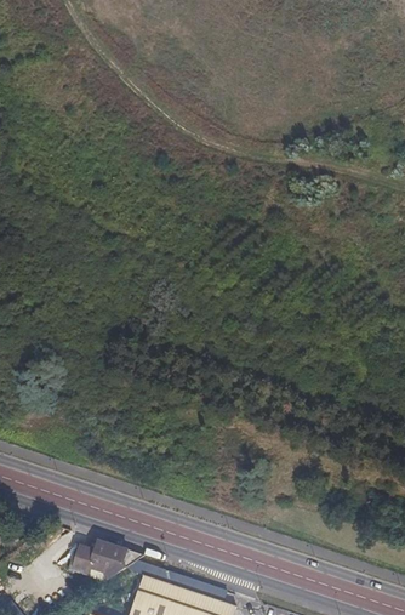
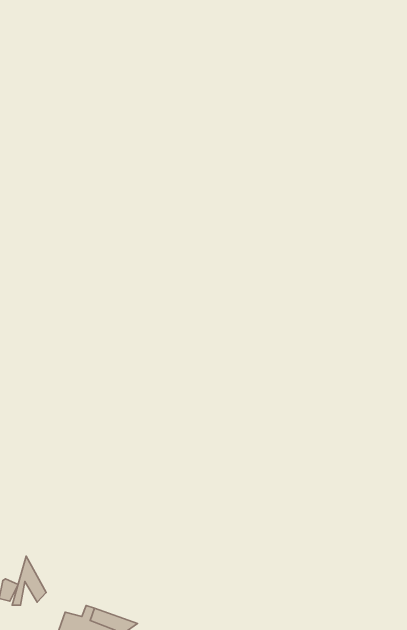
building: none -> [12,556,46,605]

